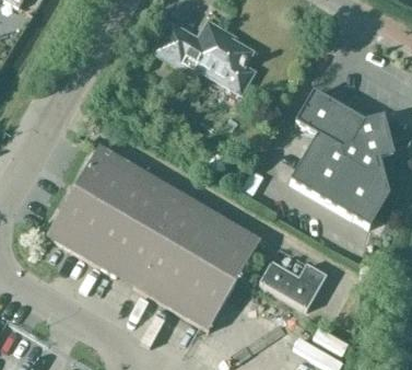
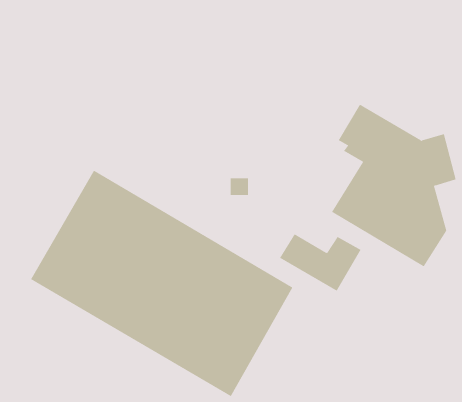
building: [156,22,255,92] -> none
building: [261,262,328,309] -> [279,234,362,292]

